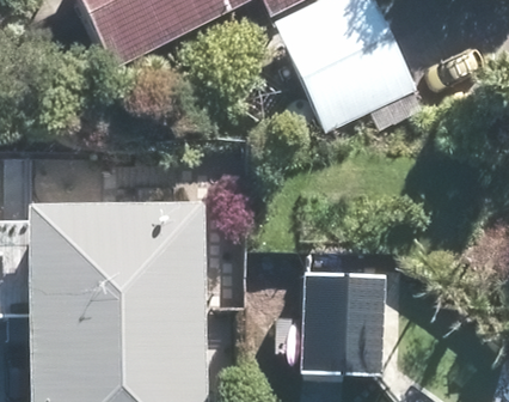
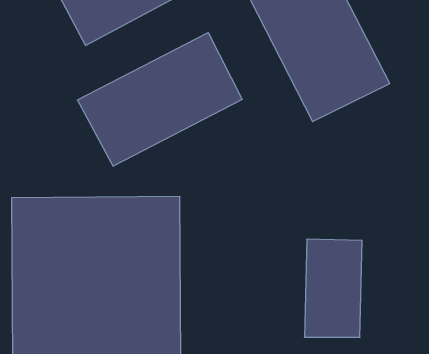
building: none -> [77,33,242,166]

